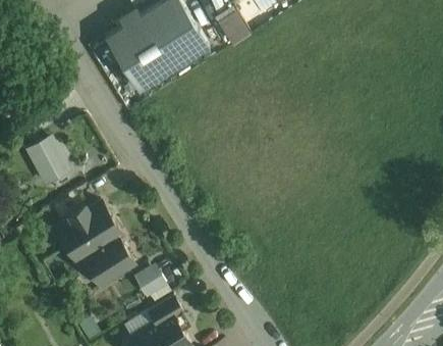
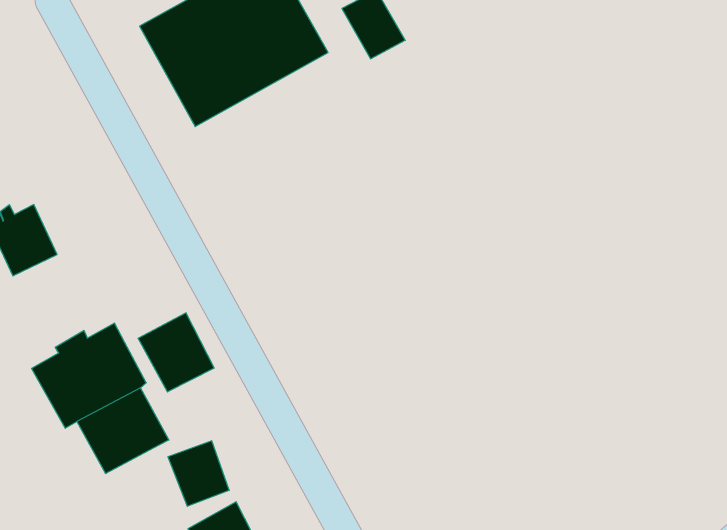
building: none -> [138,313,214,392]

